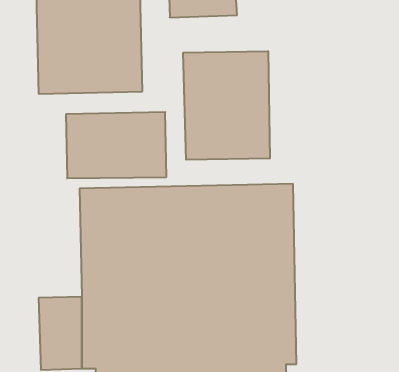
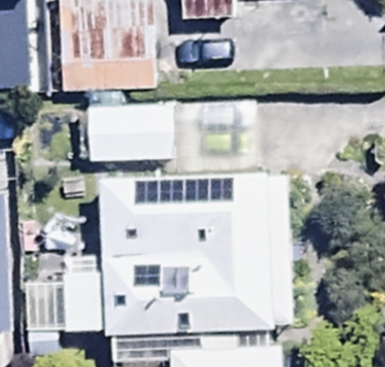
building: [183,51,270,160] -> none

